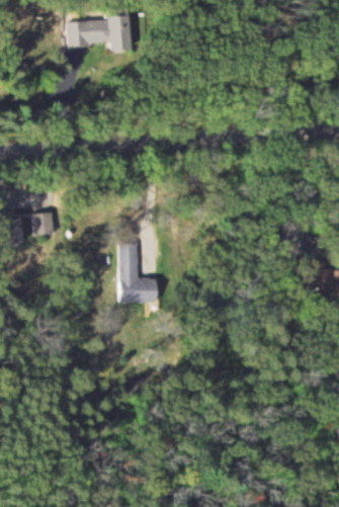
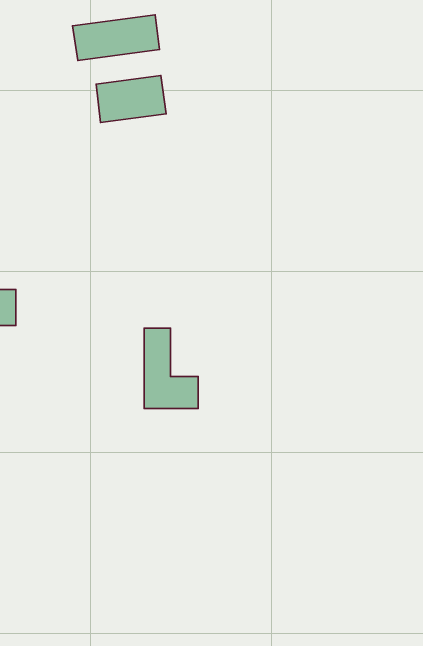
building: none -> [96,76,166,123]
building: [32,213,55,236] -> none

